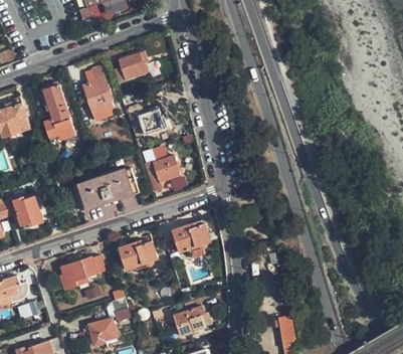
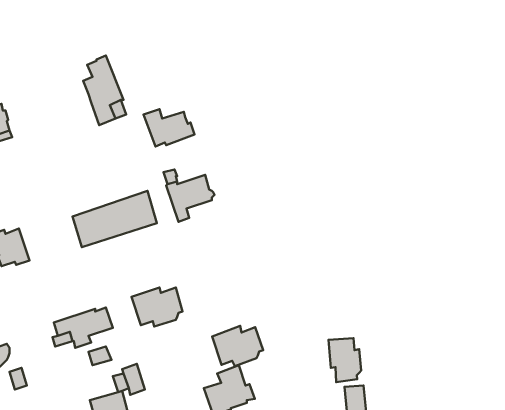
building: [114,51,148,82] -> none
building: [43,85,73,137] -> none
building: [172,222,210,252] -> [212,326,263,366]
building: none -> [329,338,361,382]

